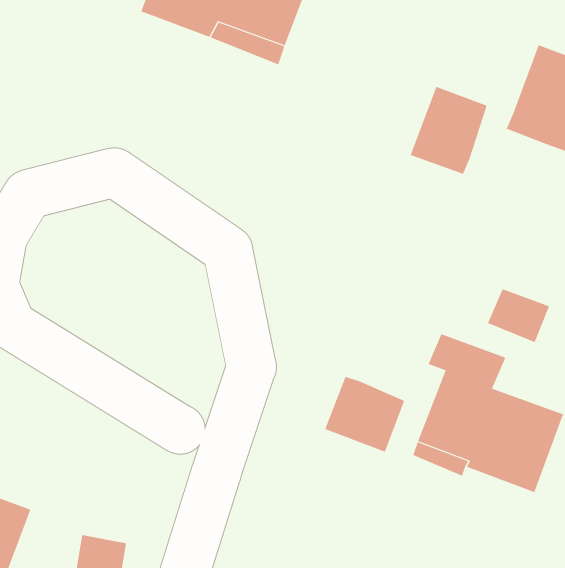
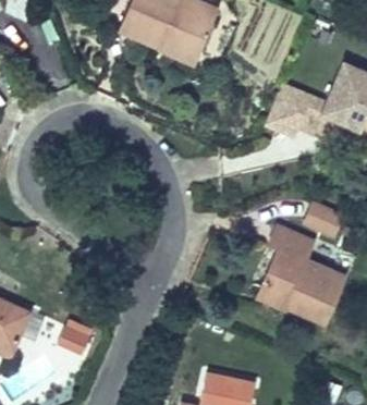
building: none -> [301,94,346,139]
building: [324,376,405,453] -> none

